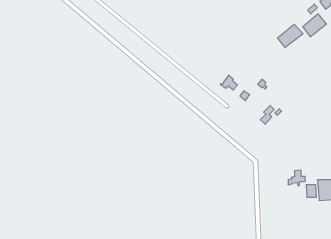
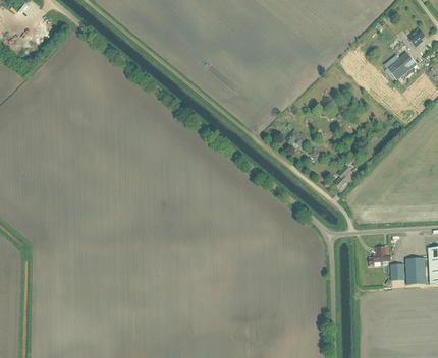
building: [278,24,303,48] -> none

